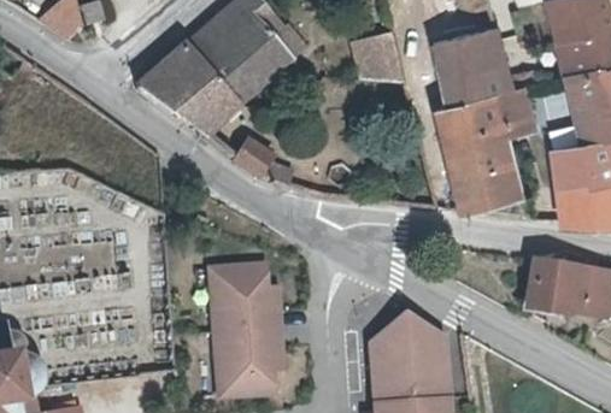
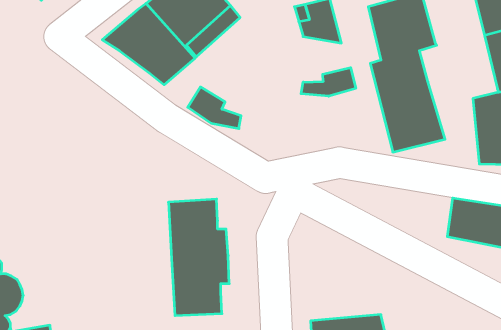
building: [494,87,534,131] -> none
building: none -> [301,68,356,96]
building: [368,309,451,401] -> none

